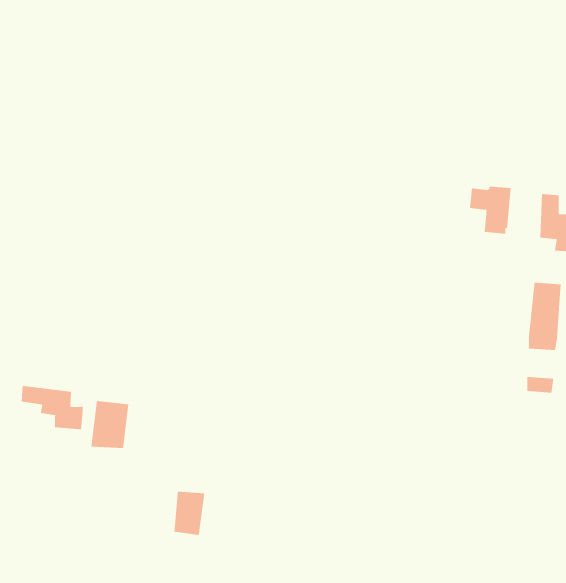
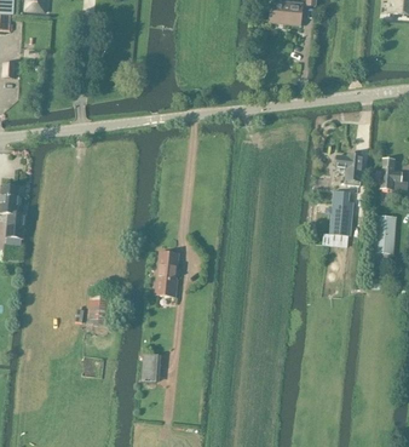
building: none -> [323,189,355,246]
building: none -> [156,251,179,296]
building: [21,385,83,430] -> none

